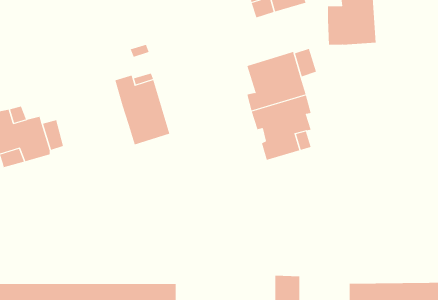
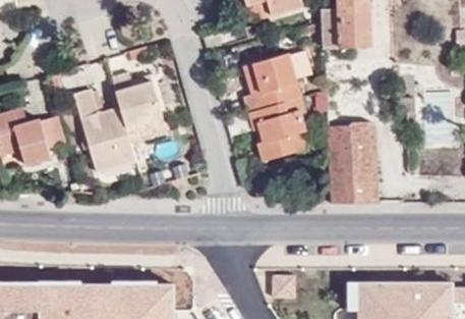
building: none -> [75,89,137,170]
building: none -> [328,124,379,212]

